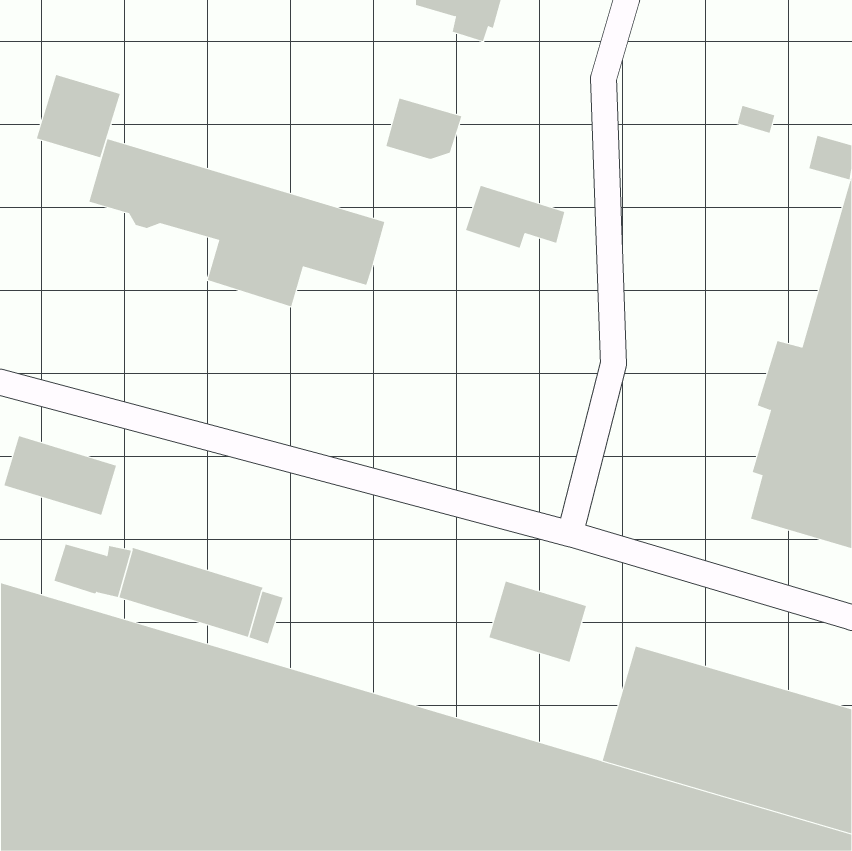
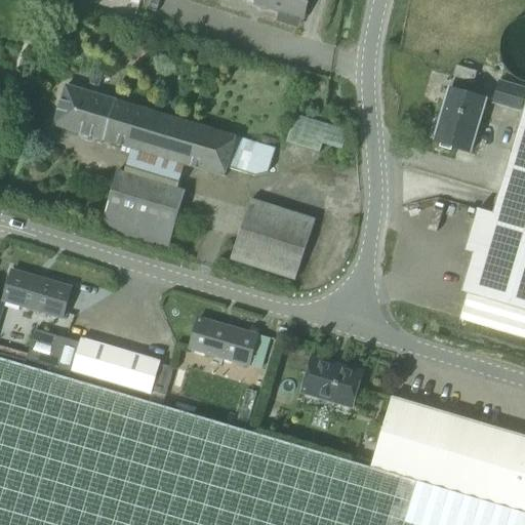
building: [36,74,121,158] -> none
building: [385,98,462,159] -> [229,136,276,174]
building: none -> [436,88,488,152]
building: none -> [102,170,186,248]
building: none -> [232,198,316,279]
building: none -> [189,317,271,368]

